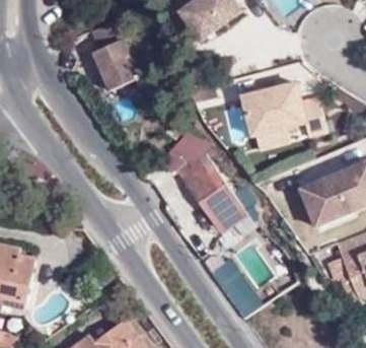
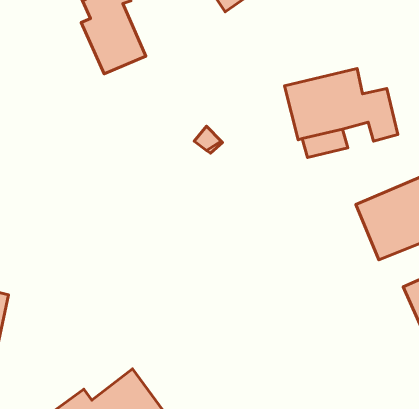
building: [173,149,243,229] -> none

